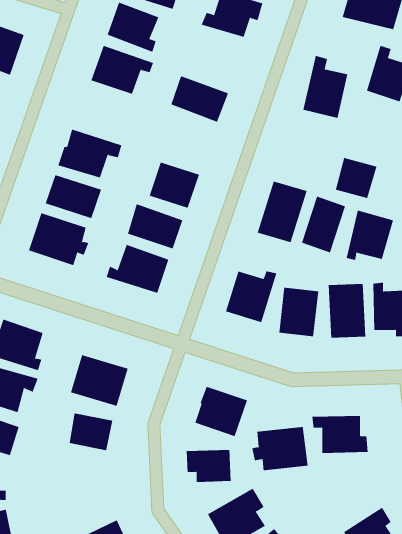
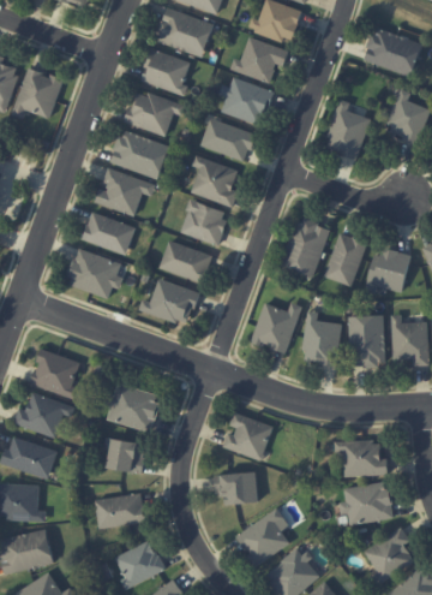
building: none -> [217,77,274,126]
building: none -> [112,130,169,178]
building: none -> [191,155,238,207]
building: [335,157,377,199] -> none
building: [252,427,309,471] -> [338,482,392,524]
building: none -> [95,493,145,529]

